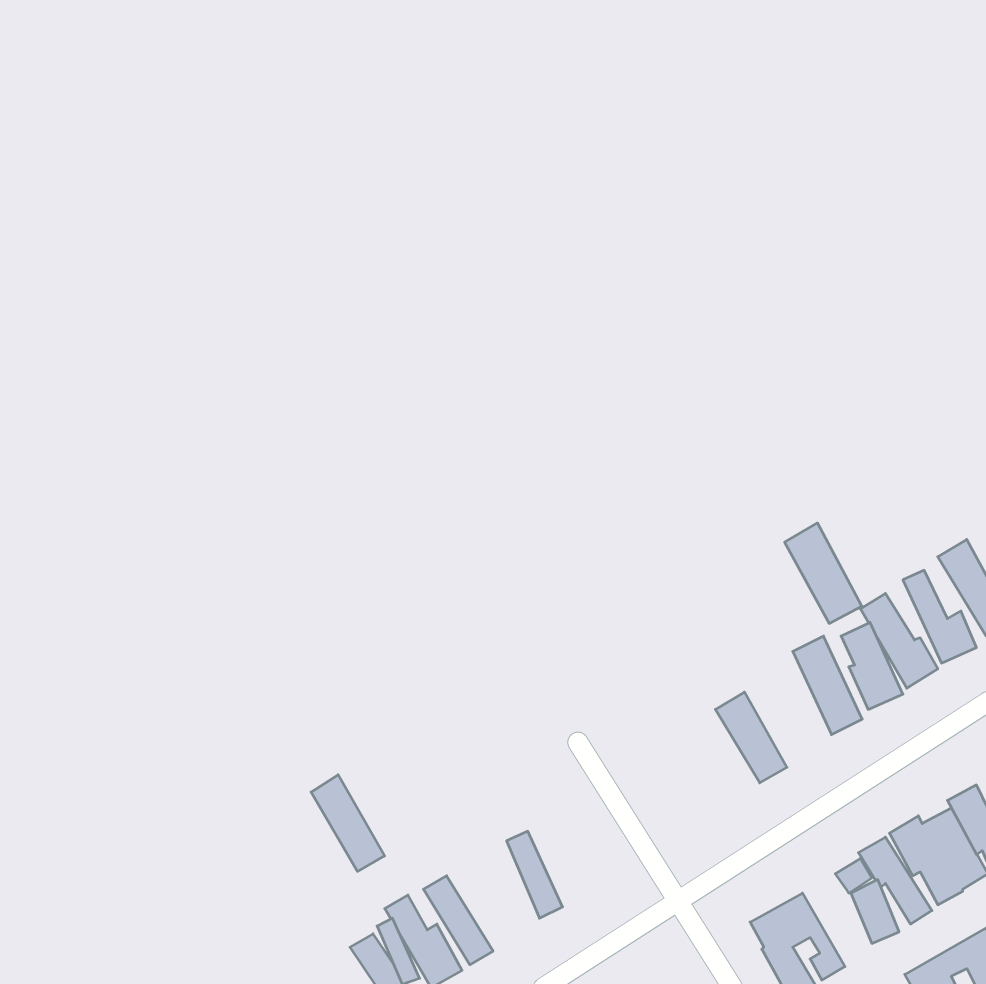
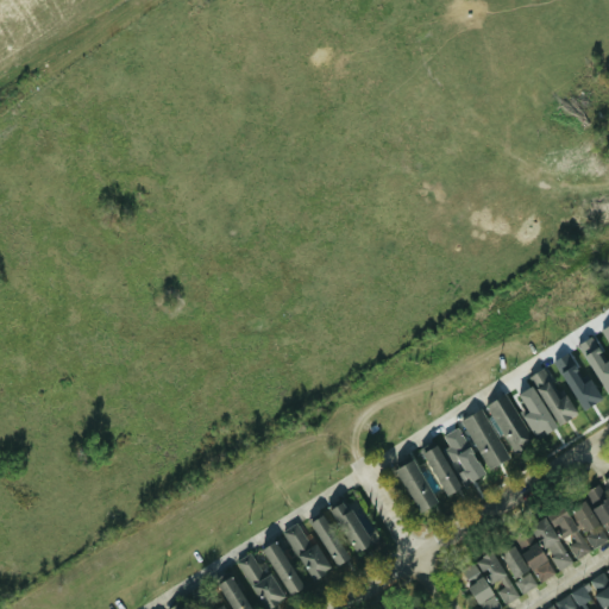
building: [785,523,862,623] -> [463,408,510,470]
building: none -> [423,445,460,496]
building: none -> [395,459,438,513]
building: [311,775,385,871] -> [284,521,329,580]
building: none -> [329,501,372,553]
building: none -> [501,545,539,594]

